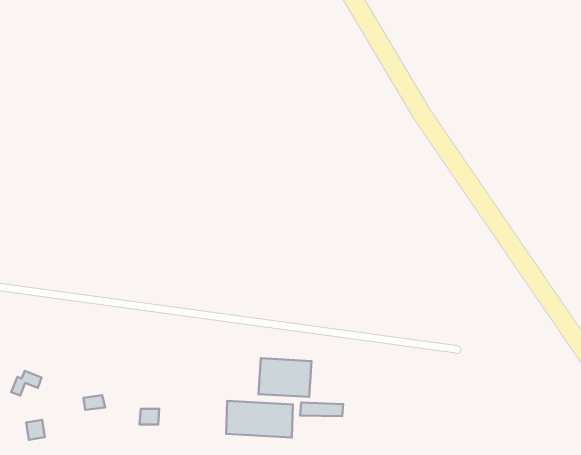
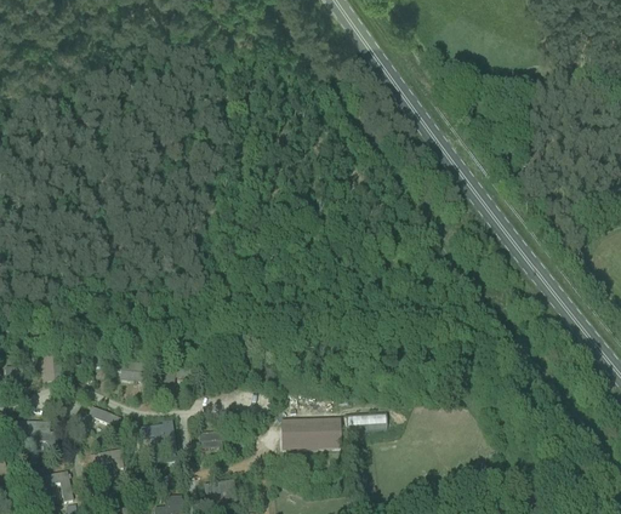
building: [258,358,312,397] -> none

